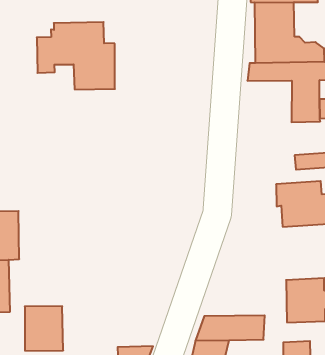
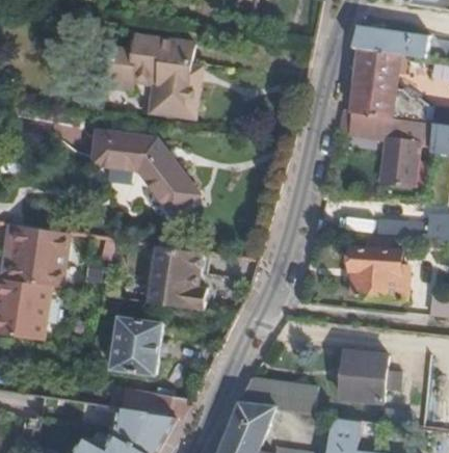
building: none -> [91,131,195,213]
building: none -> [149,246,204,311]
building: [25,306,63,351] -> [112,319,160,373]

